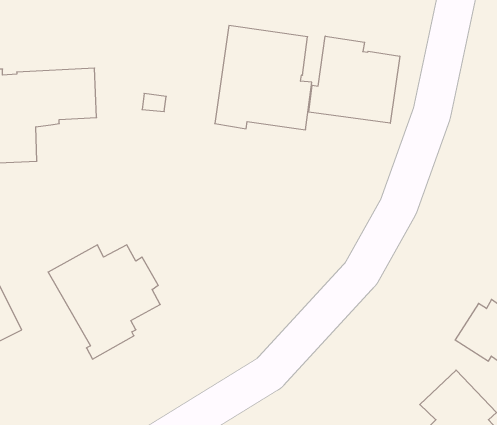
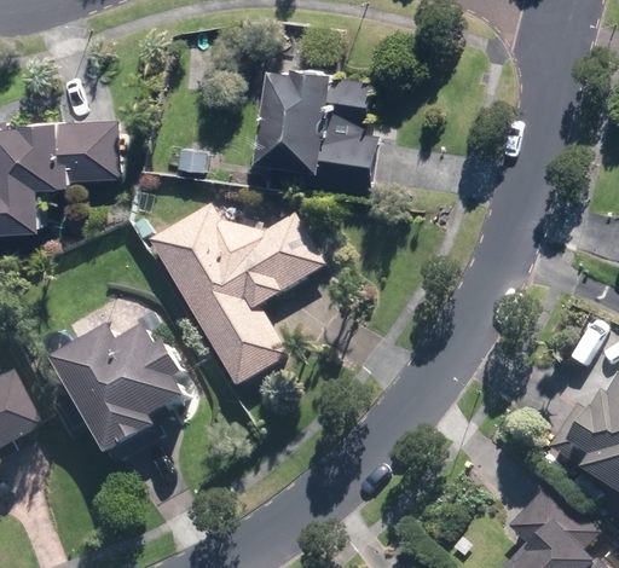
building: [309,36,400,123] -> none
building: none -> [146,205,323,388]

